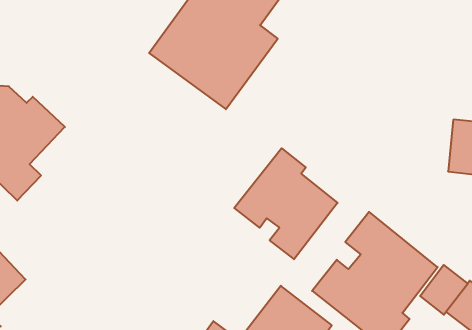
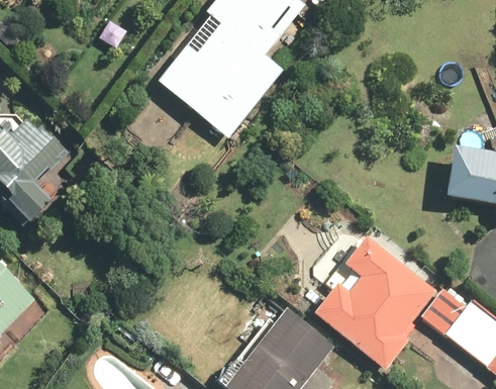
building: [234,148,338,259] -> none

